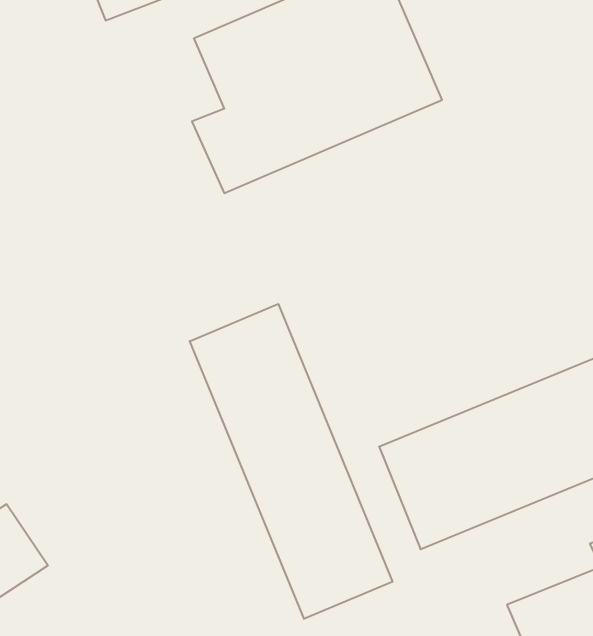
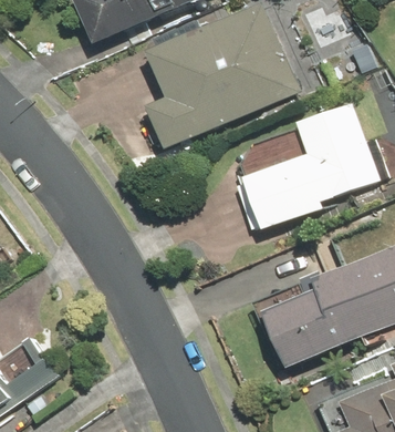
building: none -> [242,102,381,229]
building: [190,304,392,619] -> none

